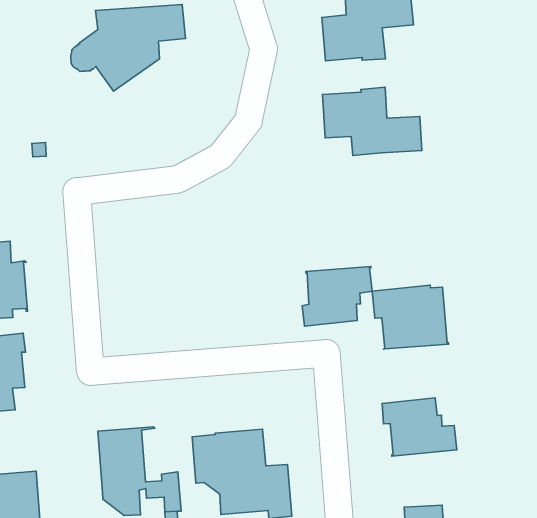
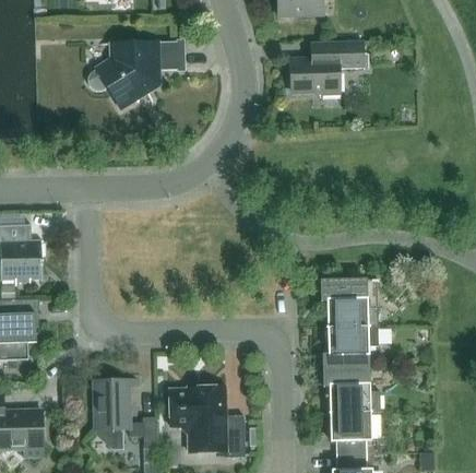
building: [322,87,422,156] -> none
building: [302,267,372,326] -> [322,326,379,370]
building: none -> [329,411,381,454]

